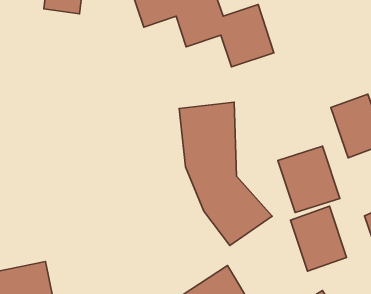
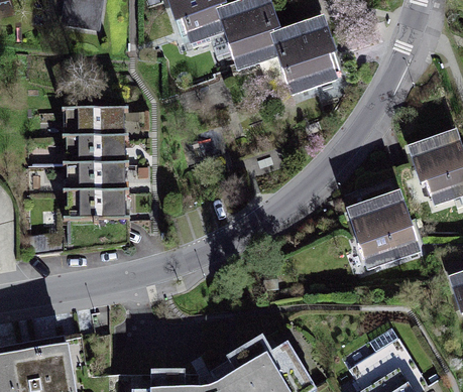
building: none -> [68,113,127,217]
building: [179,102,272,246] -> none
building: [290,206,347,271] -> none

